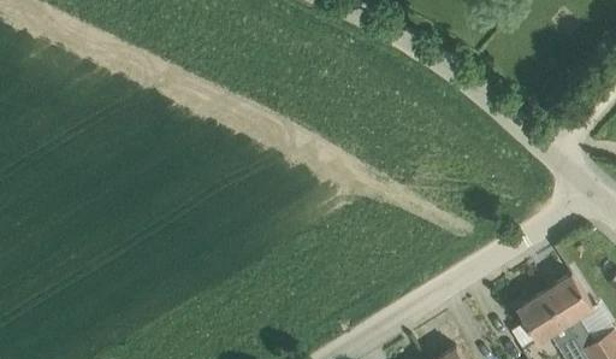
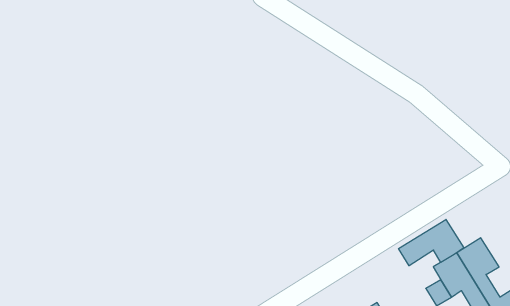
building: none -> [399,219,464,266]

